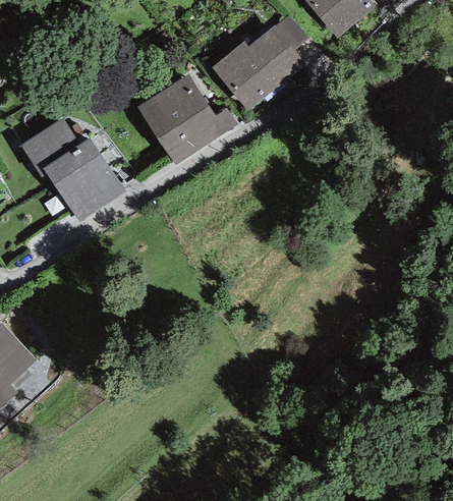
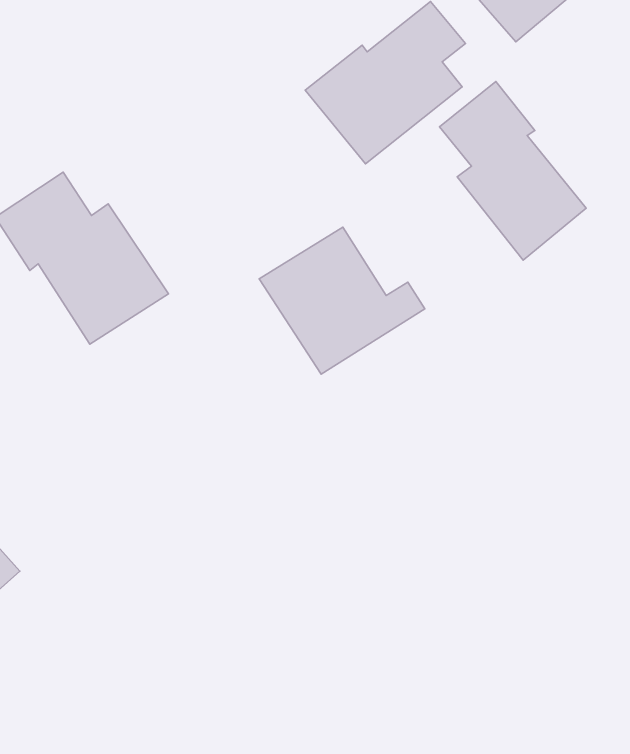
building: none -> [440,82,586,260]
building: [136,74,237,164] -> [259,227,425,374]

